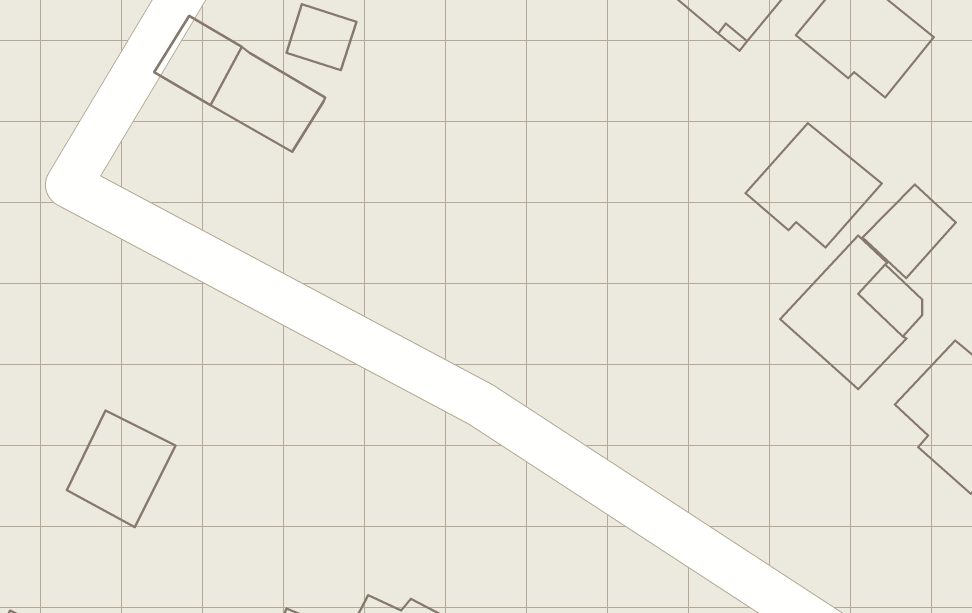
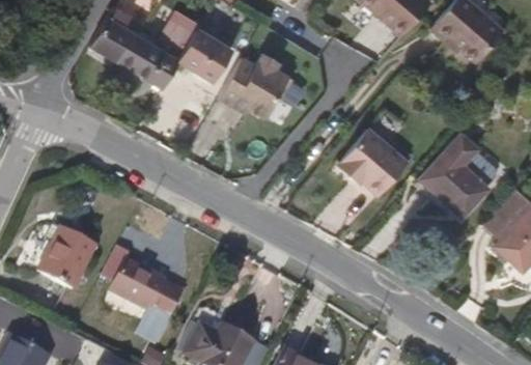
building: none -> [176,29,229,81]
building: none -> [217,52,290,119]
building: [746,123,882,248] -> [336,128,409,194]
building: [862,185,956,278] -> none
building: none -> [112,260,184,319]

